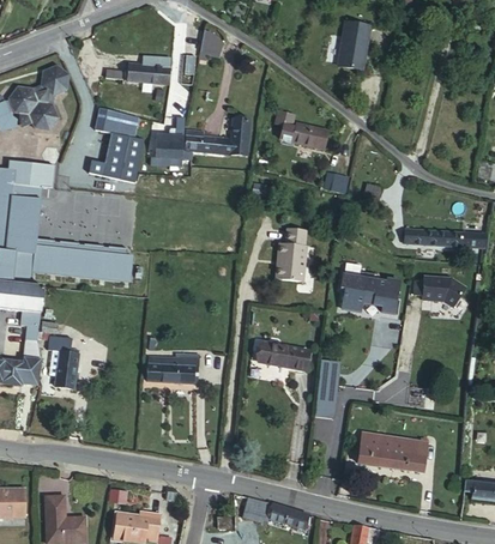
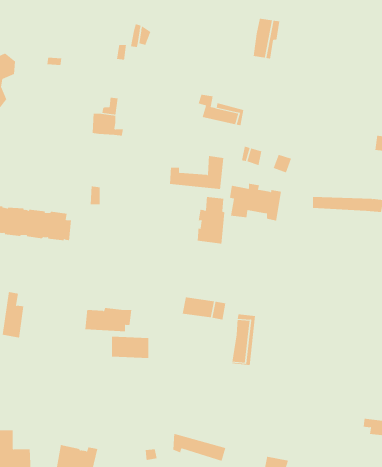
building: [126,58,171,85] -> none
building: [87,107,144,182] -> none
building: [186,117,248,156] -> [169,156,224,189]
building: [340,271,400,314] -> [229,183,282,221]
building: [422,277,467,309] -> none
building: none -> [111,336,149,359]
building: [357,433,427,472] -> none

